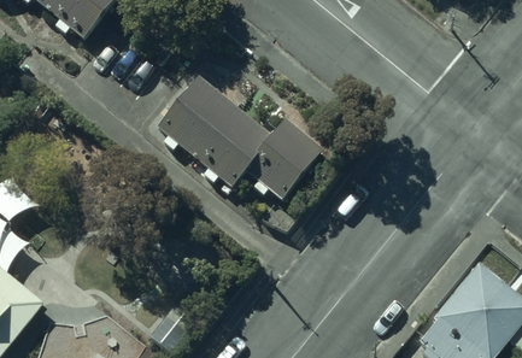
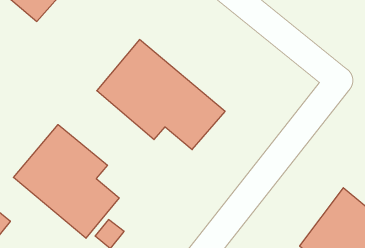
building: none -> [13,125,119,238]

